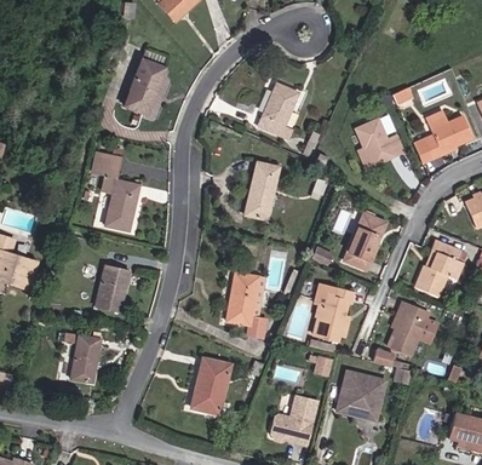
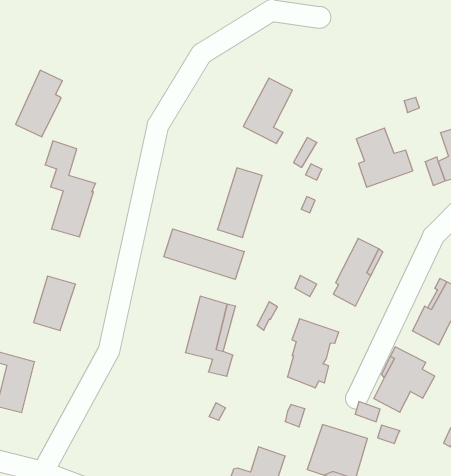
building: [125,58,161,114] -> [16,70,62,137]
building: none -> [164,229,244,279]
building: [191,356,231,413] -> none

